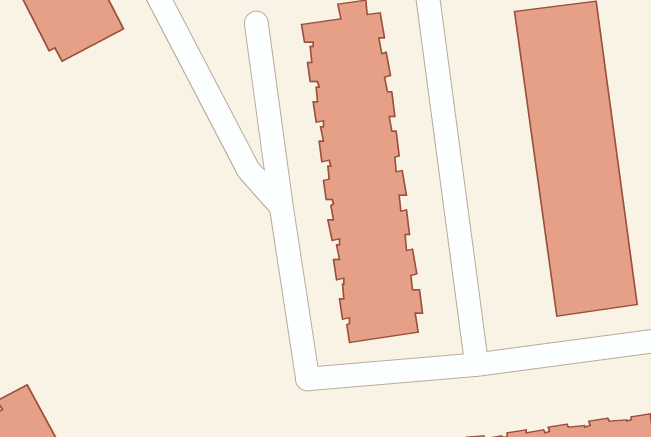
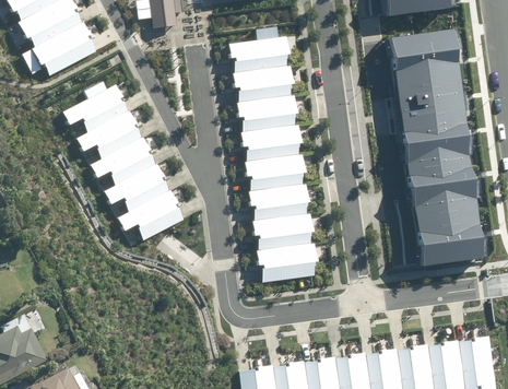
building: none -> [64,81,186,239]

